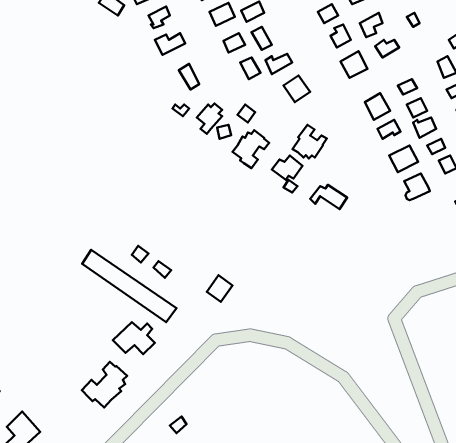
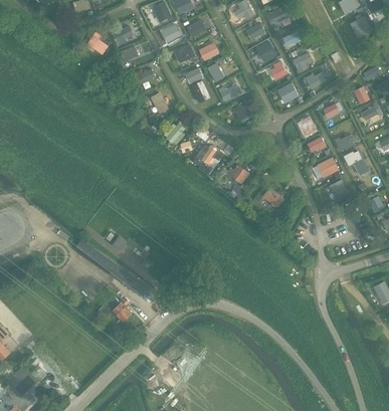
building: [292,125,327,158] -> none
building: [82,362,127,408] -> none

